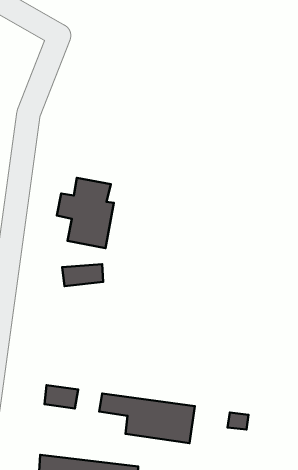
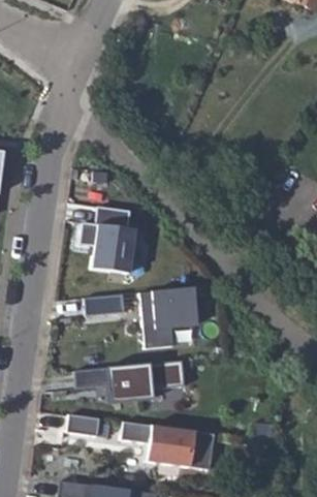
building: none -> [149,287,194,329]
building: none -> [74,360,183,402]

